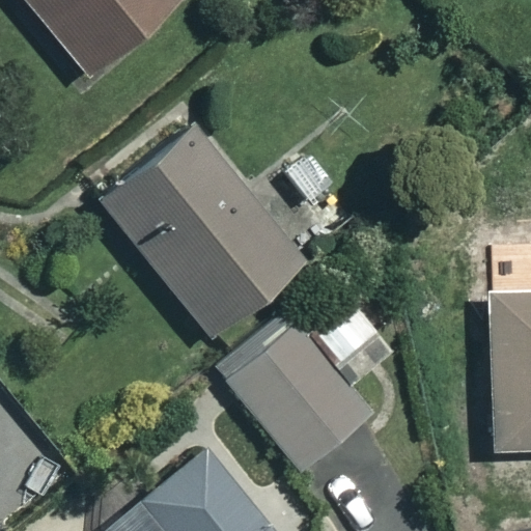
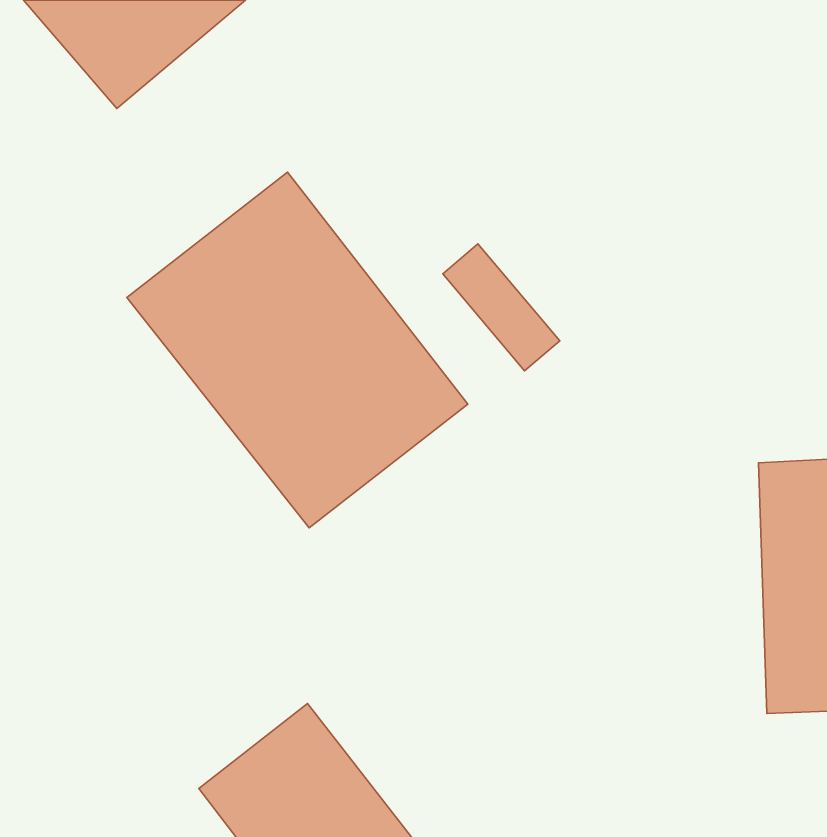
building: [225,297,400,475] -> none

